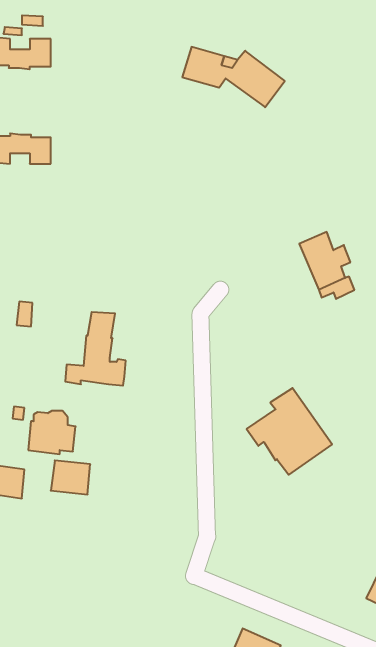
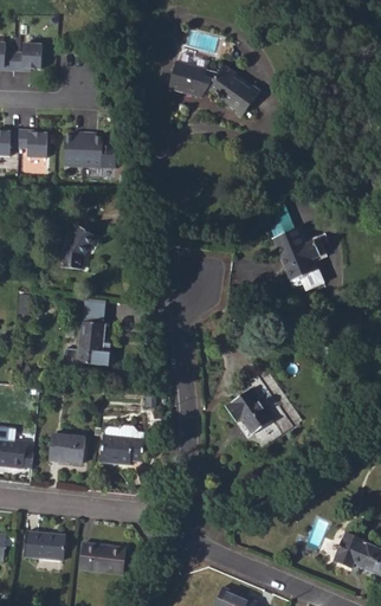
building: none -> [67,140,105,174]
building: none -> [63,226,97,269]
building: [28,411,76,454] -> [102,425,144,464]
building: none -> [24,530,65,559]
building: none -> [80,542,125,573]

